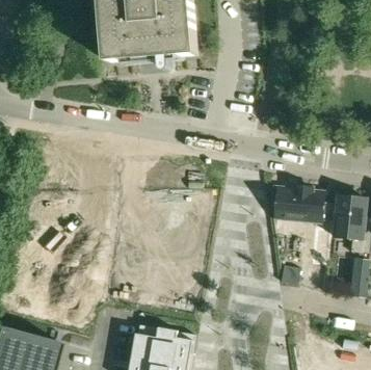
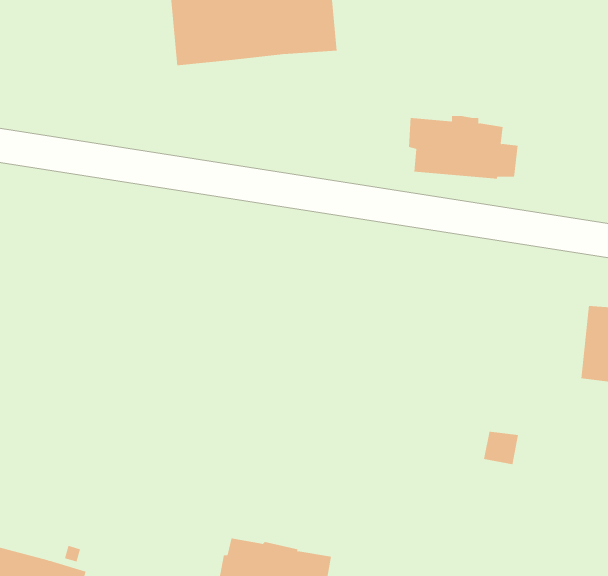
building: [271,186,333,221] -> [408,115,518,179]

